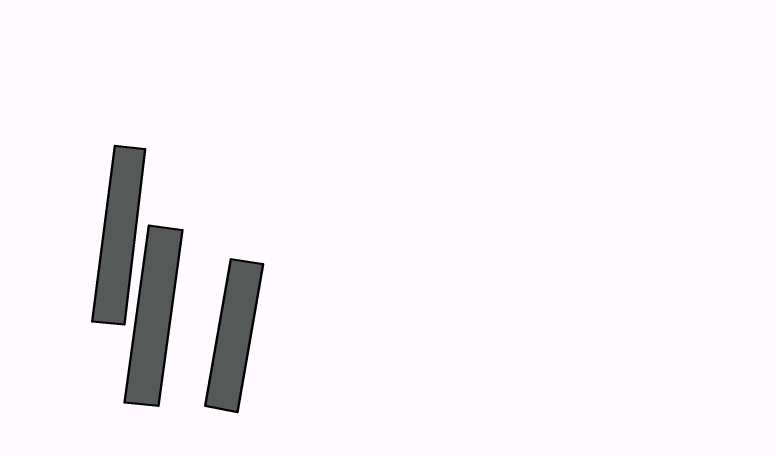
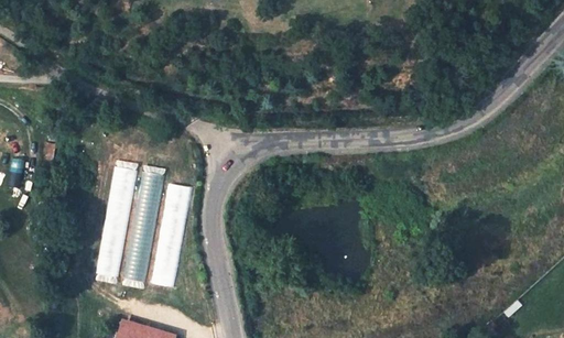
building: [92,146,145,325] -> [126,165,162,287]

